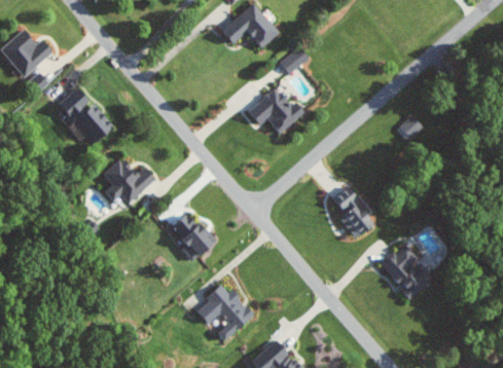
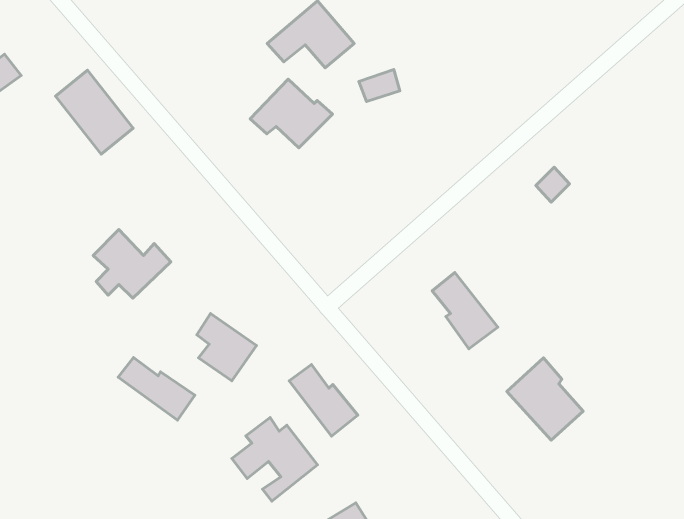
building: [58,87,110,144] -> [55,70,133,154]
building: [247,88,302,135] -> [250,79,333,148]
building: none -> [118,357,195,420]
building: none -> [289,365,358,436]

